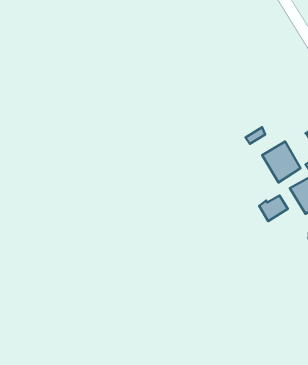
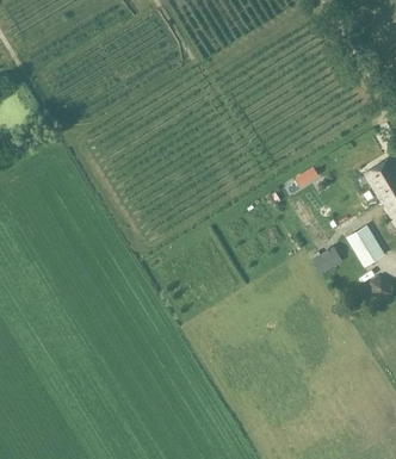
building: [262,142,300,182] -> none

